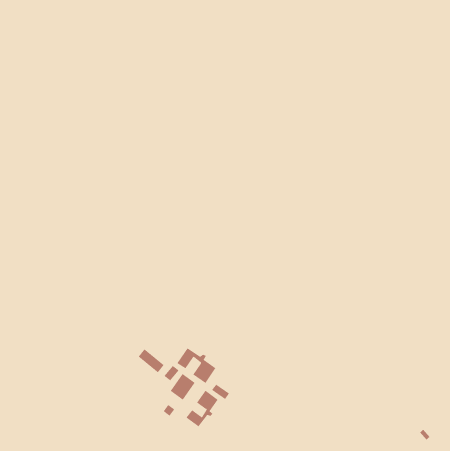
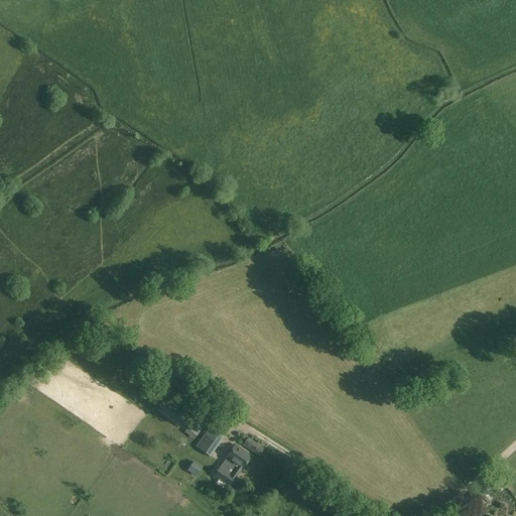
building: [177,348,216,384] -> none

